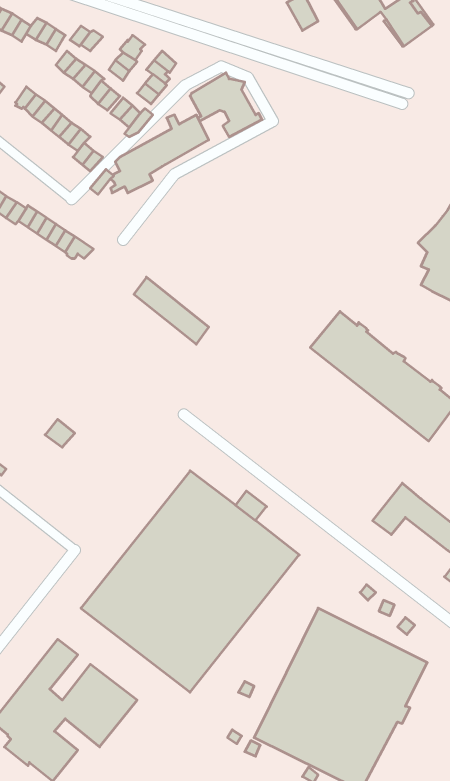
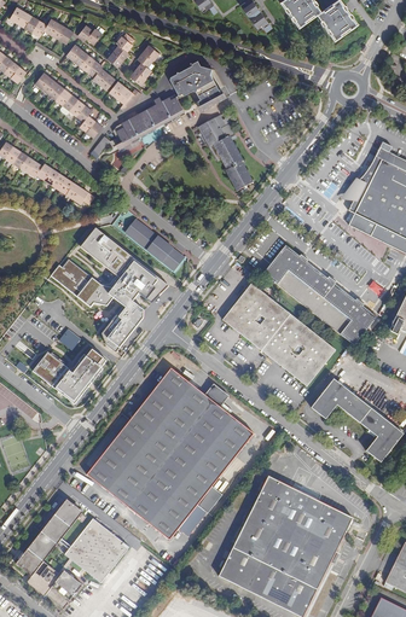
building: none -> [197,113,251,190]
building: none -> [51,228,168,353]
building: none -> [222,283,335,385]
building: none -> [31,348,105,403]

